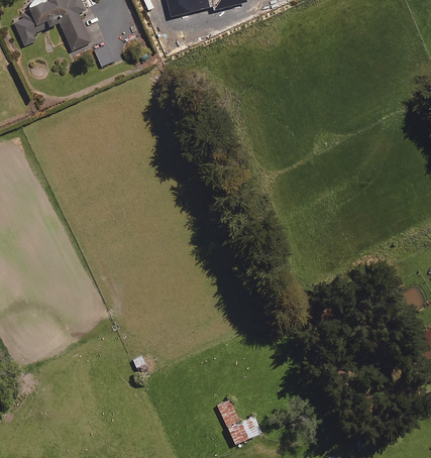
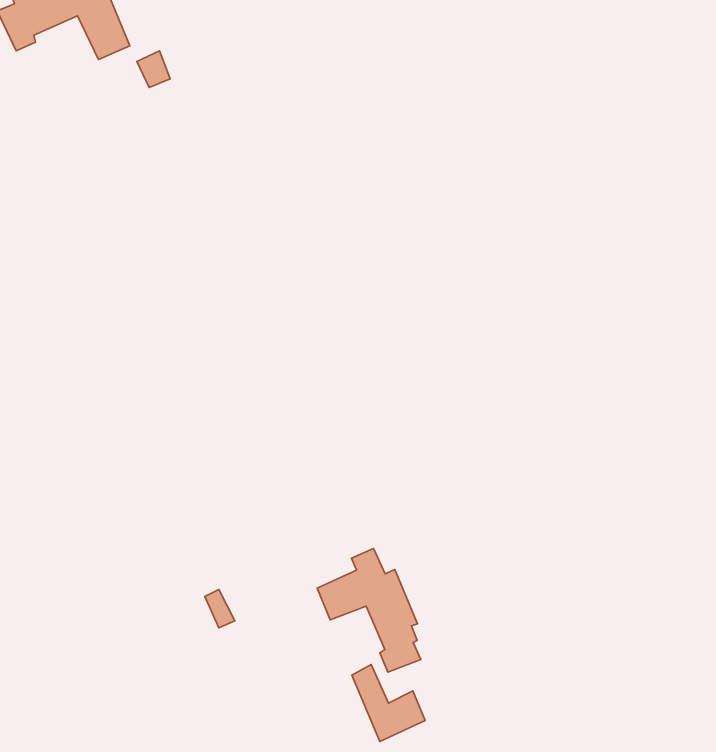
building: none -> [317,549,421,672]

